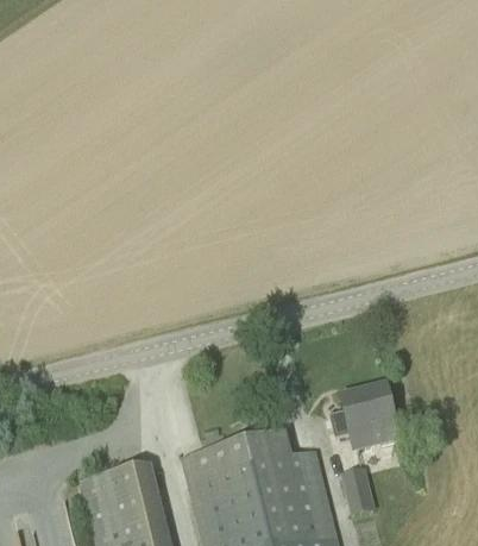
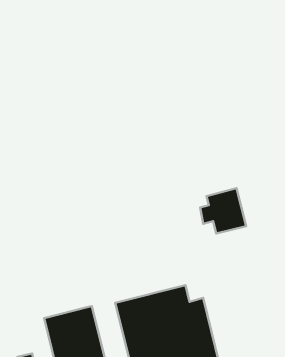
building: [333,383,401,450] -> [200,188,246,233]
building: [340,467,375,514] -> none

